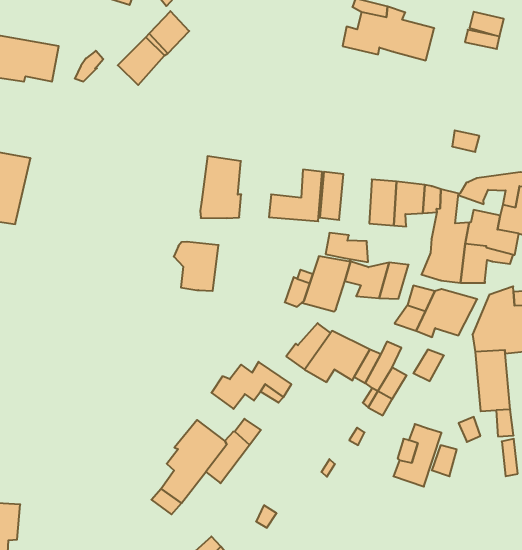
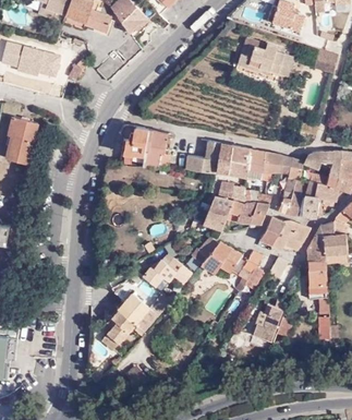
building: none -> [228,145,250,177]
building: [174,242,219,291] -> [120,125,148,157]

